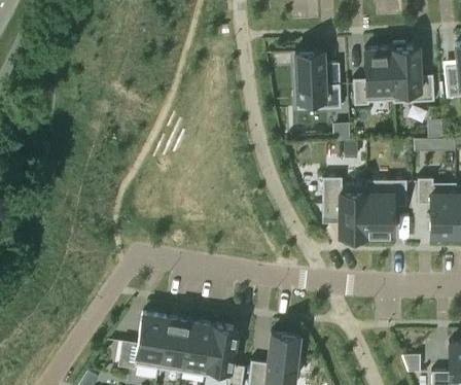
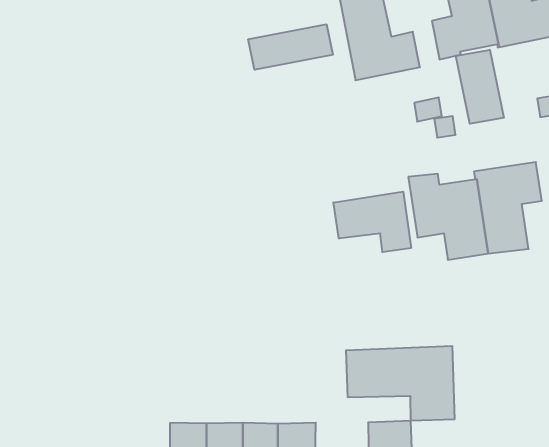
building: none -> [248,24,333,70]
building: none -> [456,50,504,124]
building: none -> [333,192,411,252]
building: none -> [346,346,454,421]

